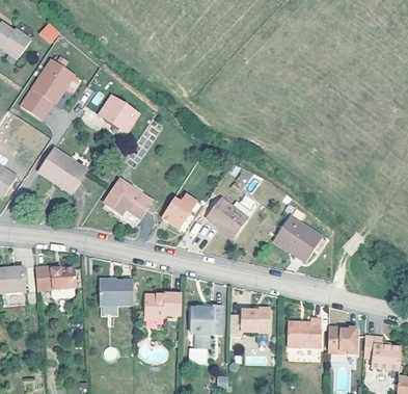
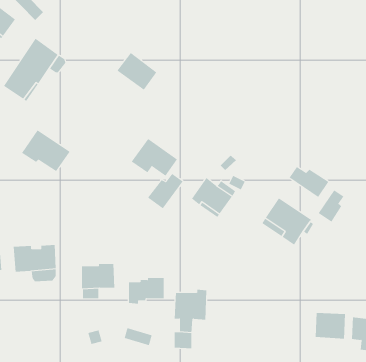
building: [100,98,139,135] -> [116,52,157,91]
building: [106,180,152,217] -> [131,138,178,176]
building: none -> [289,166,329,198]
building: none -> [318,189,344,222]
building: [228,307,268,337] -> none
building: [284,318,319,348] -> none

